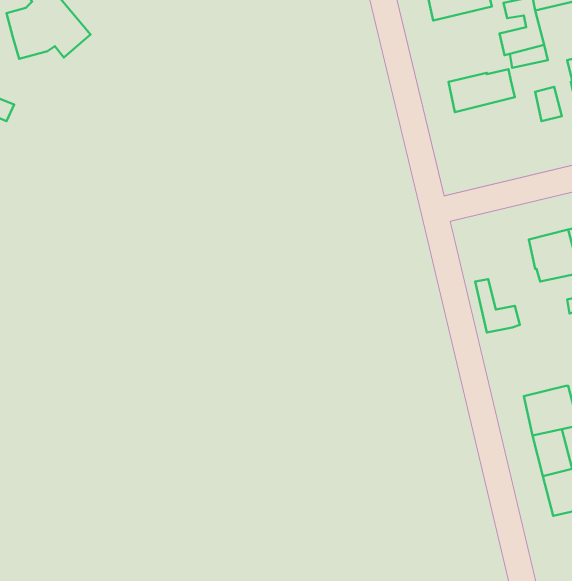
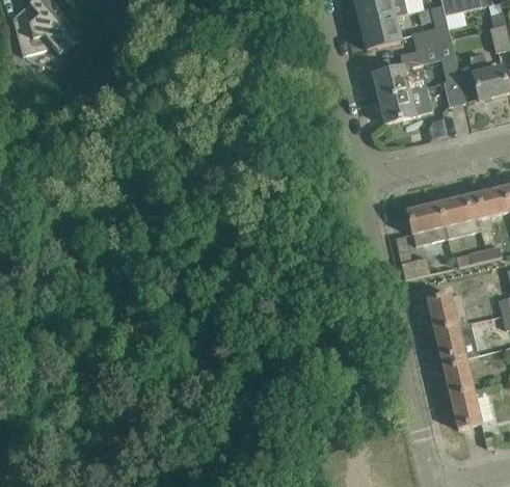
building: none -> [360,16,401,49]
building: none -> [378,86,432,123]
building: none -> [406,202,448,245]
building: none -> [426,292,468,330]

